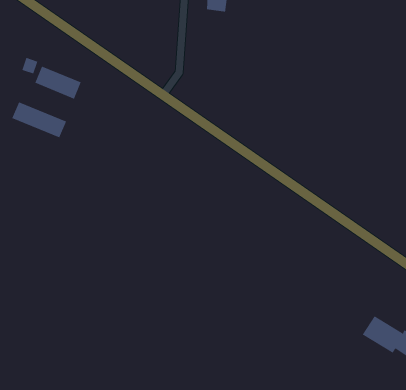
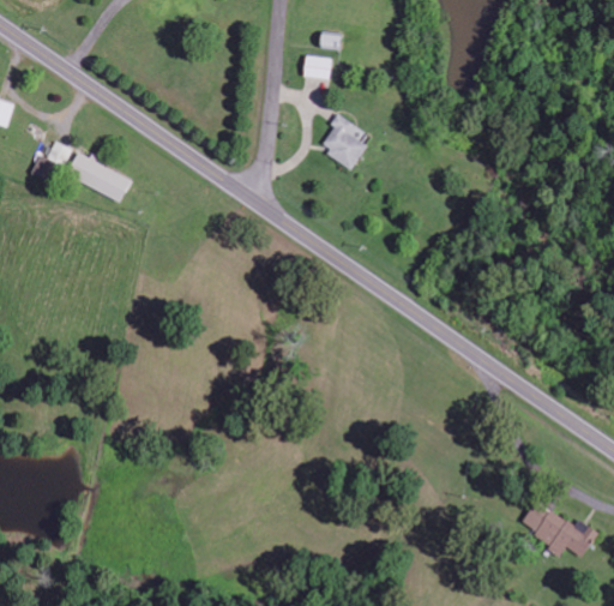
building: none -> [319,115,366,168]
building: [12,101,67,138] -> none

